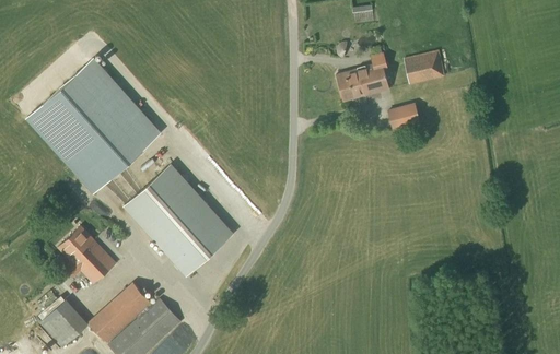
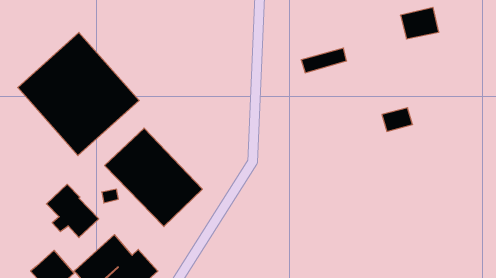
building: [404,50,446,85] -> [400,7,439,39]
building: [337,52,389,88] -> none
building: [387,104,421,130] -> [382,108,413,131]

